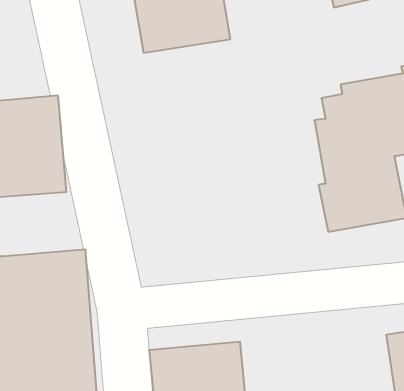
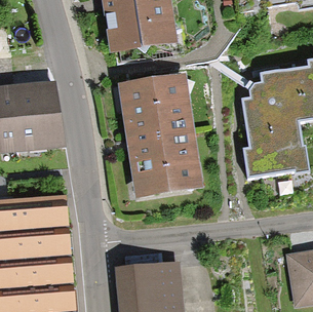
building: none -> [118,72,194,199]

